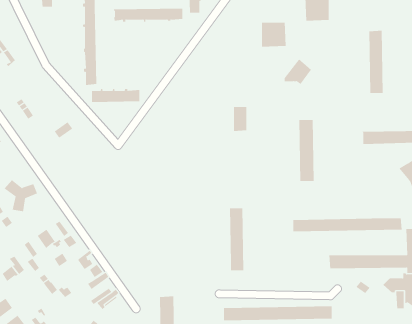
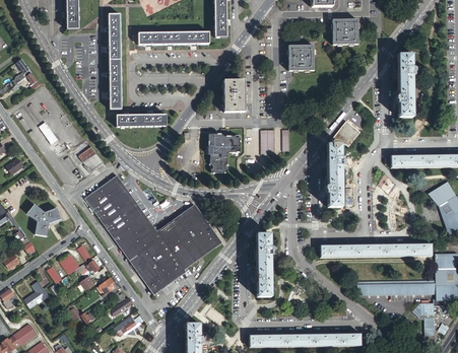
building: none -> [223,80,244,112]
building: [284,59,312,85] -> [331,120,359,146]
building: none -> [207,134,240,173]
building: none -> [85,174,221,293]

